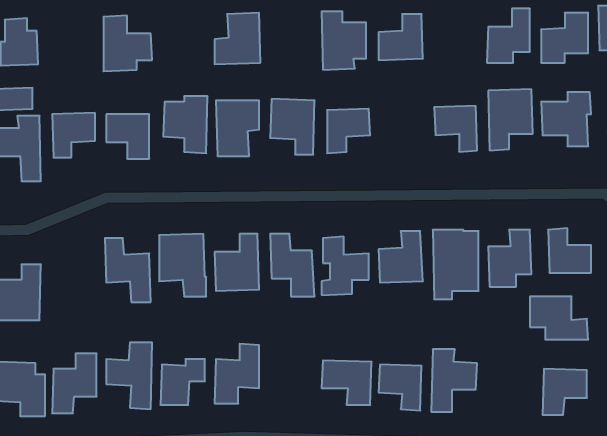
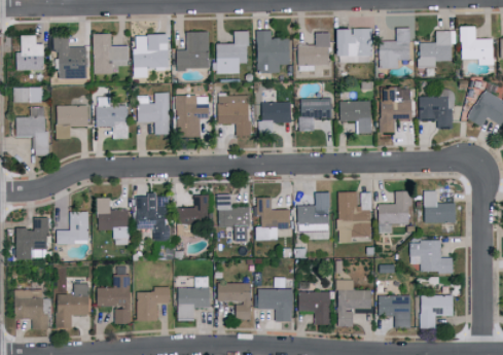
building: none -> [335,28,372,63]
building: none -> [217,31,250,73]
building: none -> [55,34,88,78]
building: none -> [135,34,170,78]
building: none -> [299,98,332,131]
building: none -> [58,211,88,244]
building: none -> [217,282,252,320]
building: none -> [379,295,411,328]

